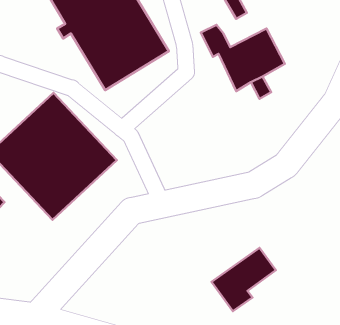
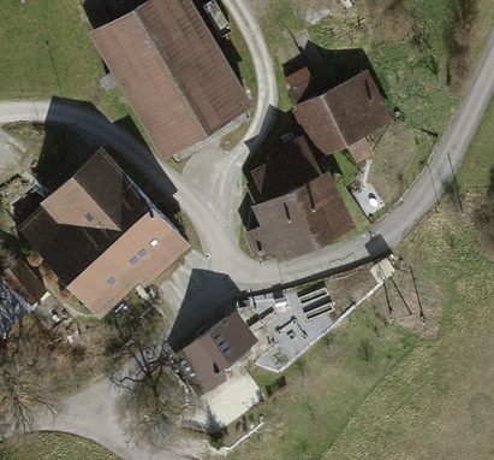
building: none -> [249,146,346,258]
building: [211,248,276,311] -> [177,314,256,393]

